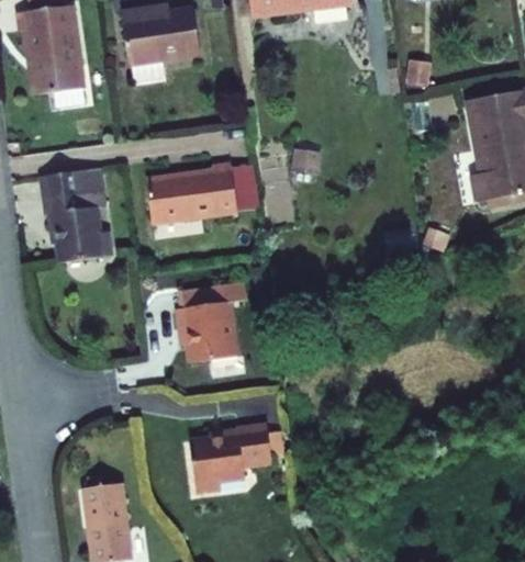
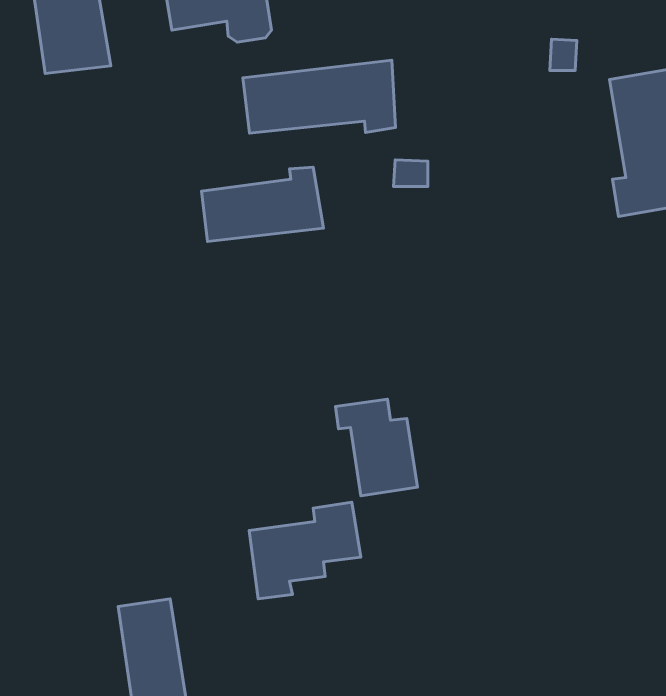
building: none -> [243,60,396,133]
building: [44,167,115,261] -> none
building: [175,291,235,362] -> [335,399,417,496]

